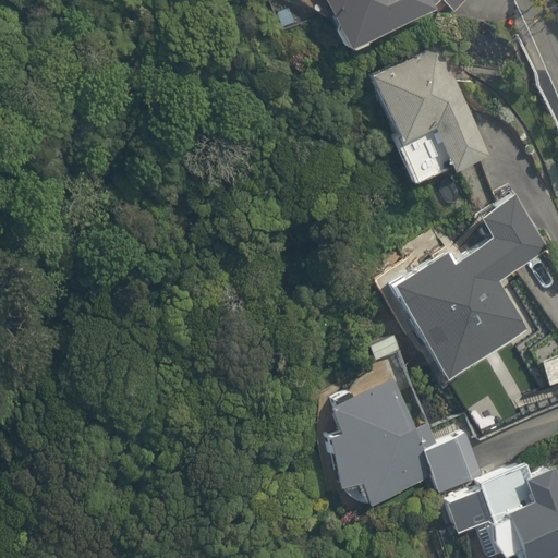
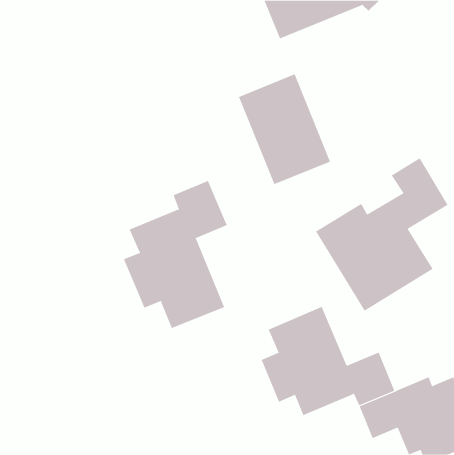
building: [371,47,484,183] -> [238,74,331,185]
building: none -> [123,180,228,329]

